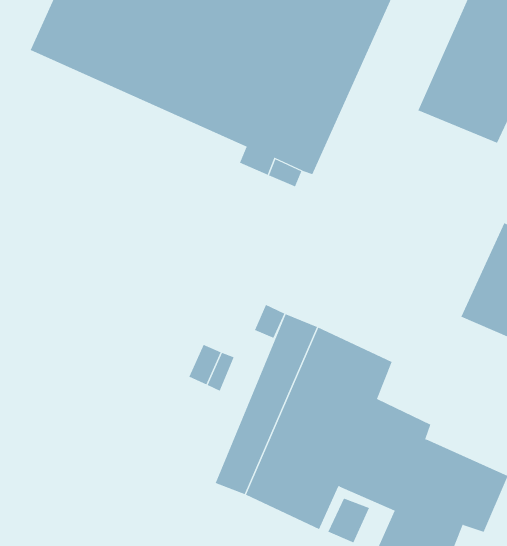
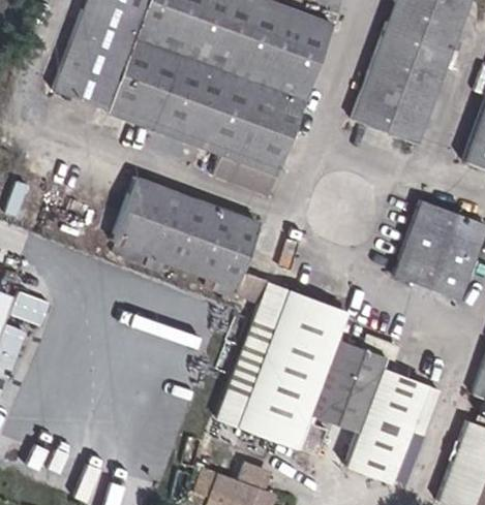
building: none -> [111,181,260,299]

